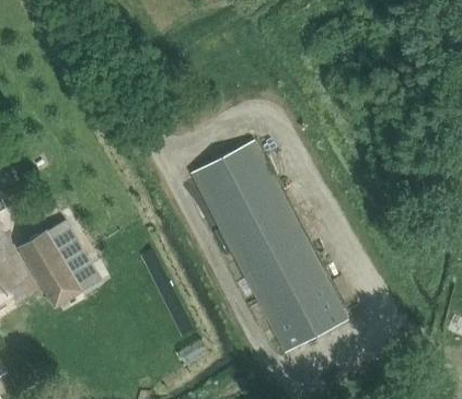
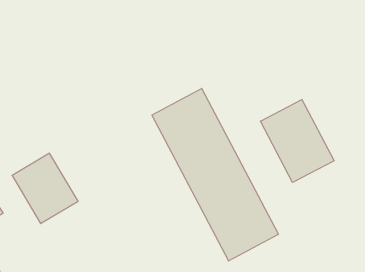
building: none -> [260,99,334,182]

